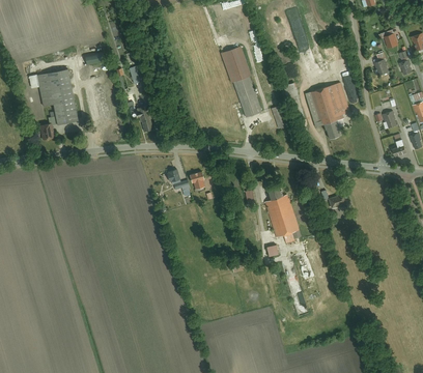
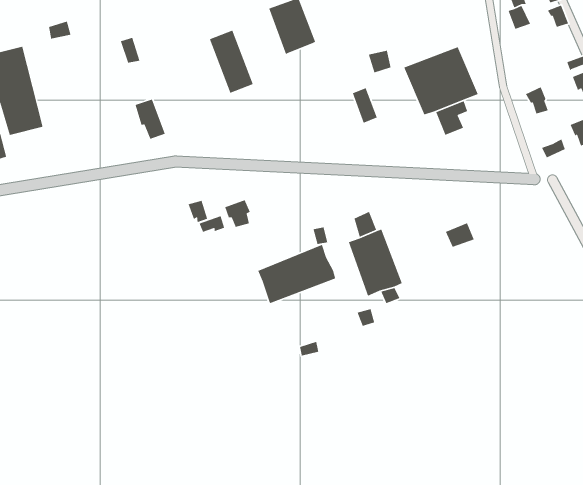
building: [234,77,261,117] -> [209,29,254,94]
building: none -> [257,244,336,304]

